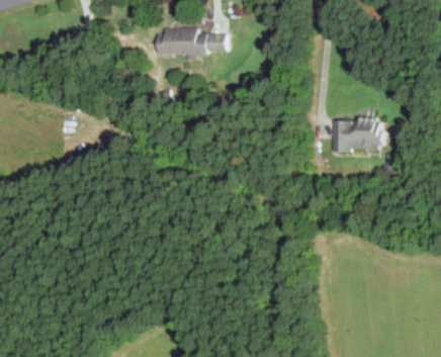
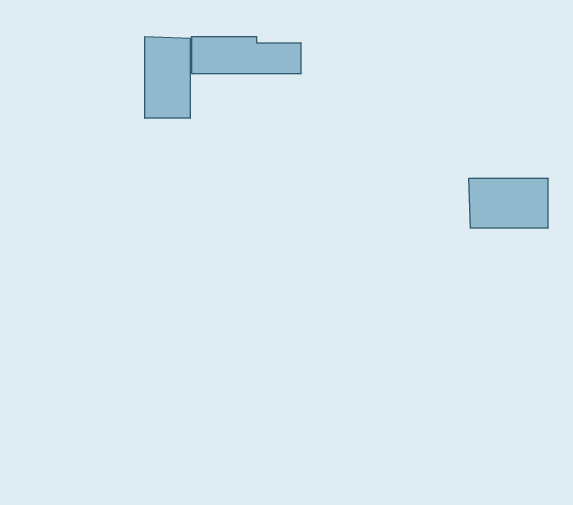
building: none -> [145,37,190,118]

